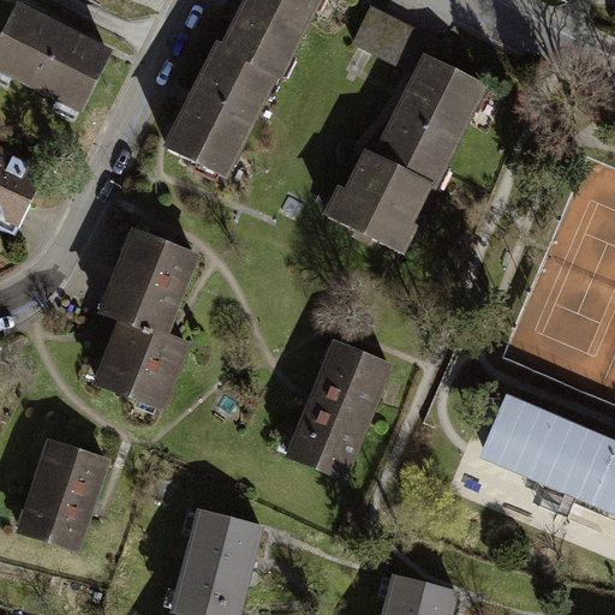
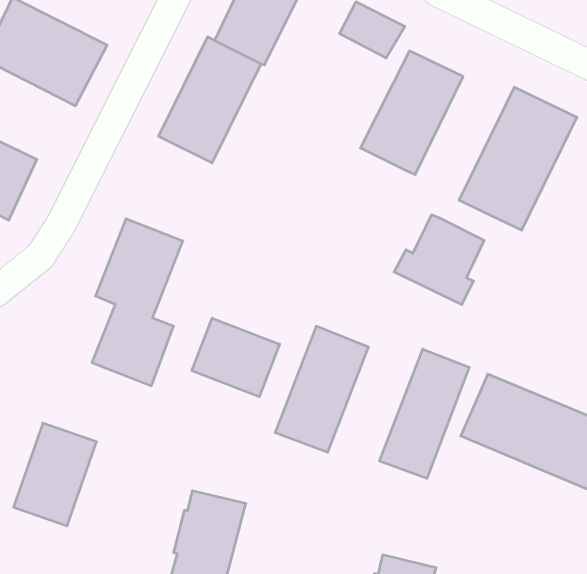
building: none -> [459,87,577,230]
building: [329,156,422,249] -> [394,215,484,305]
building: none -> [192,318,280,397]
building: none -> [380,349,469,478]

